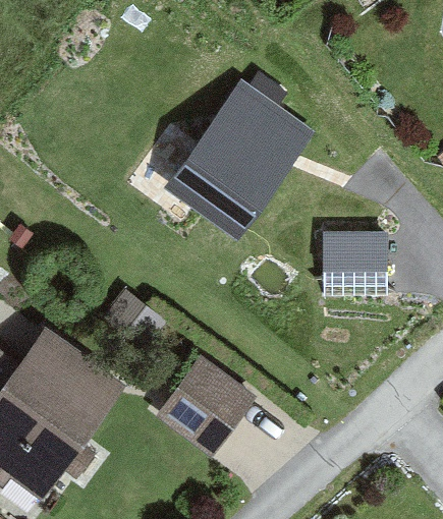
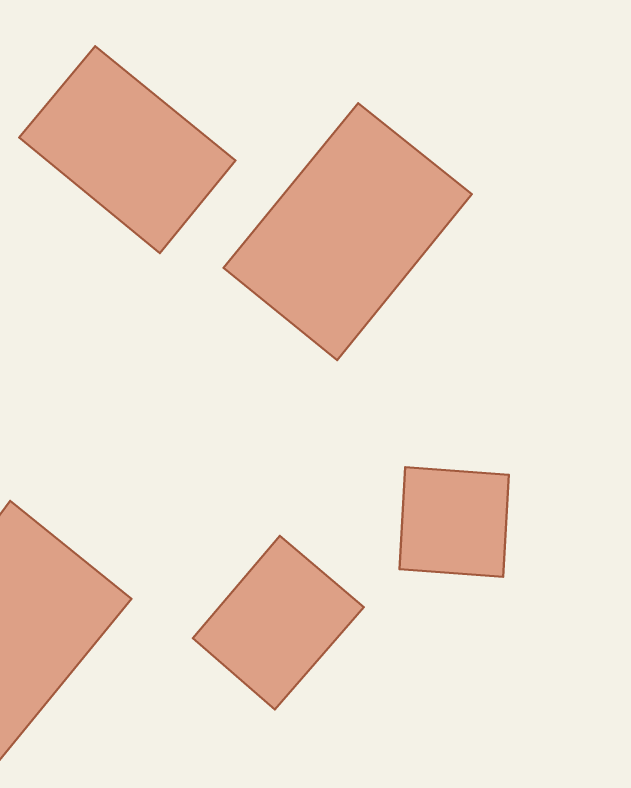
building: none -> [19,46,235,253]
building: [324,228,389,293] -> [399,467,509,577]

